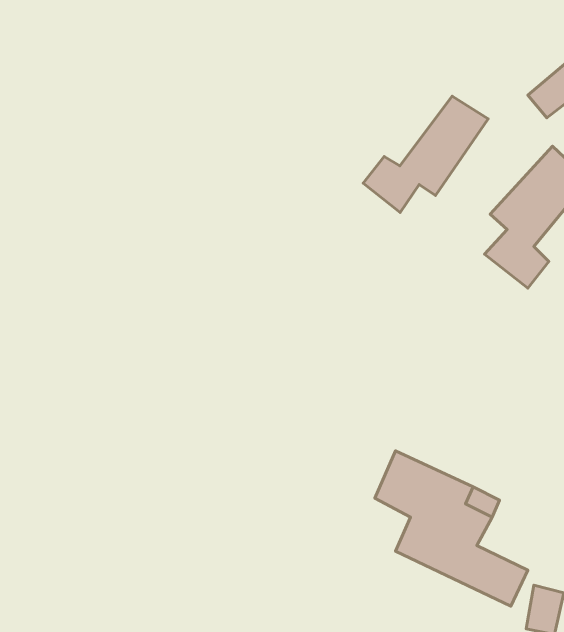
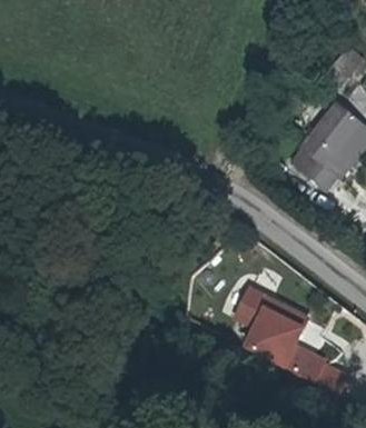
building: [363,96,488,213] -> none

